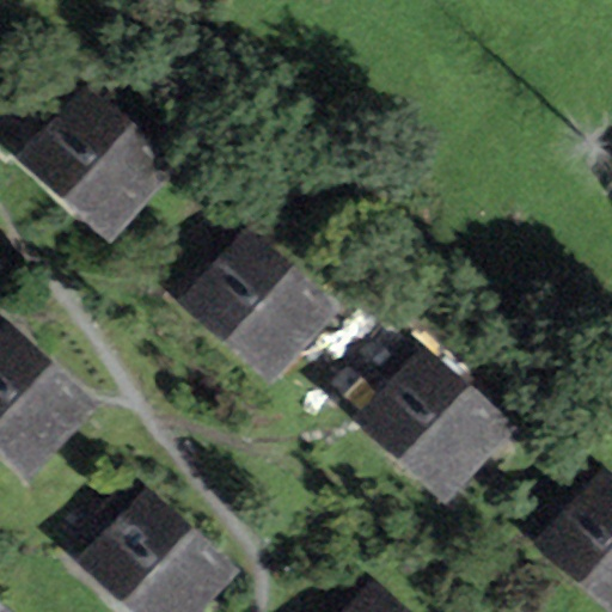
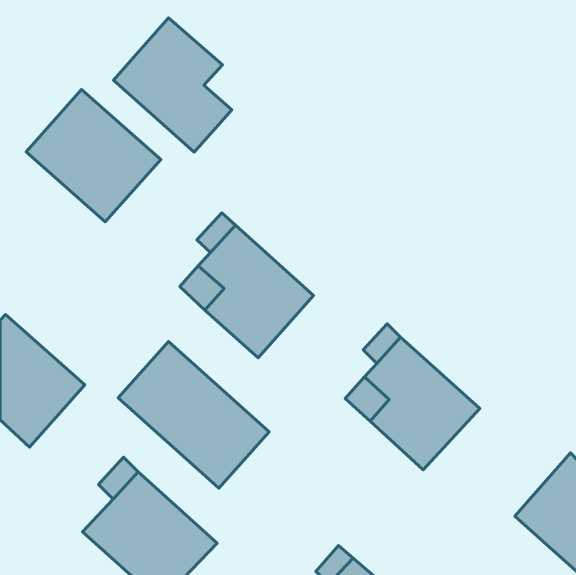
building: none -> [113,18,232,152]
building: none -> [118,341,269,488]

